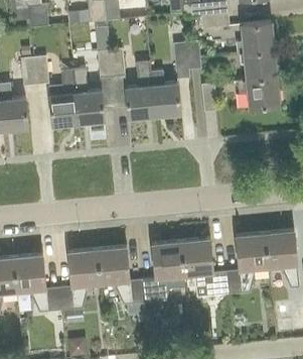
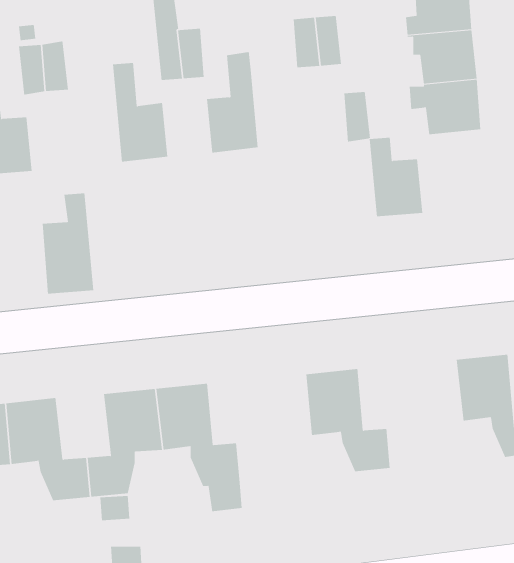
building: [49,69,79,125] -> [42,193,94,294]
building: [151,71,181,115] -> [369,137,423,217]
building: [226,233,269,293] -> none
building: [143,241,184,302] -> none

